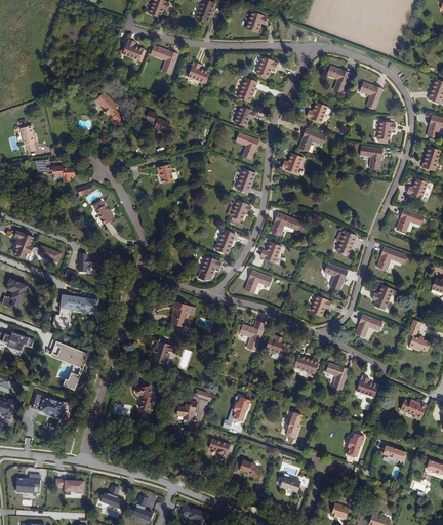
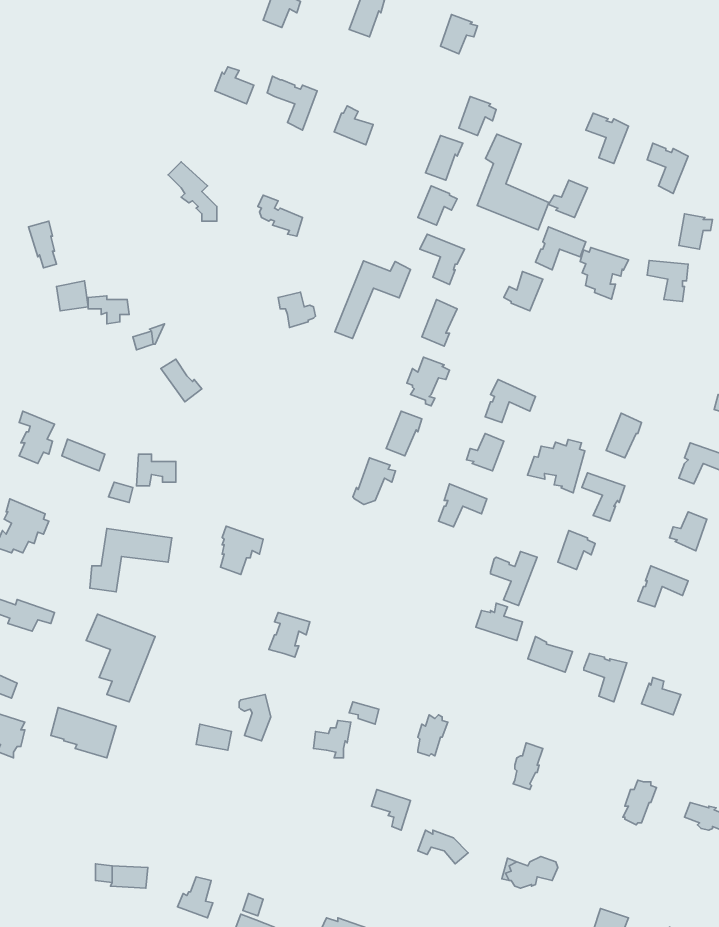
building: none -> [477,134,549,230]
building: none -> [580,247,628,299]
building: none -> [335,261,410,339]
building: none -> [527,440,585,493]
building: [170,300,194,327] -> [220,526,263,575]
building: [239,321,265,351] -> [491,551,537,605]
building: [15,474,40,494] -> none

